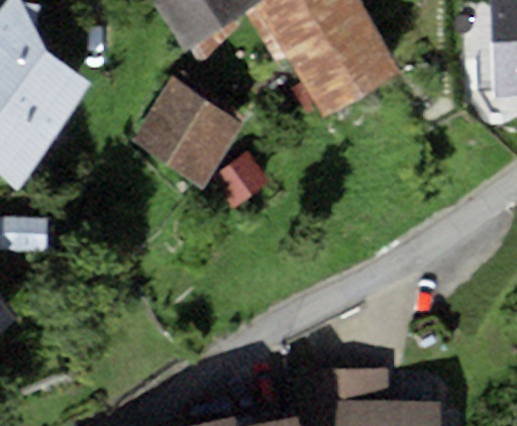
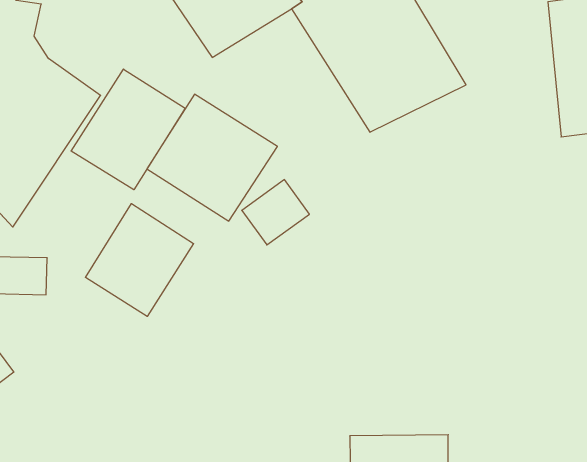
building: none -> [71,69,185,190]
building: none -> [85,204,194,316]

